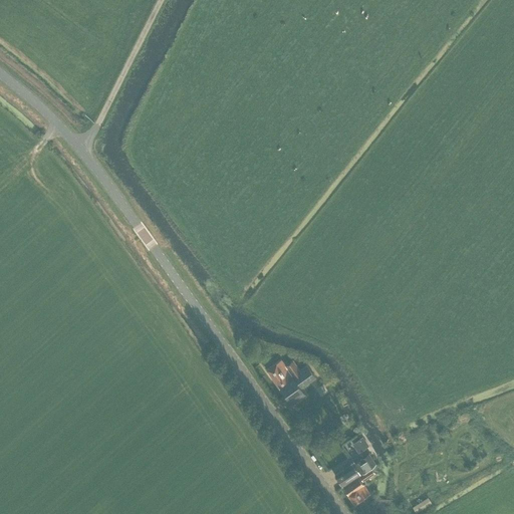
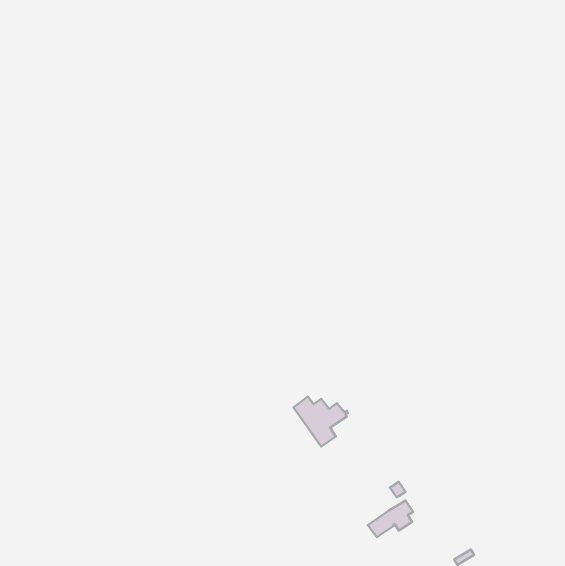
building: [341,477,368,505] -> none

